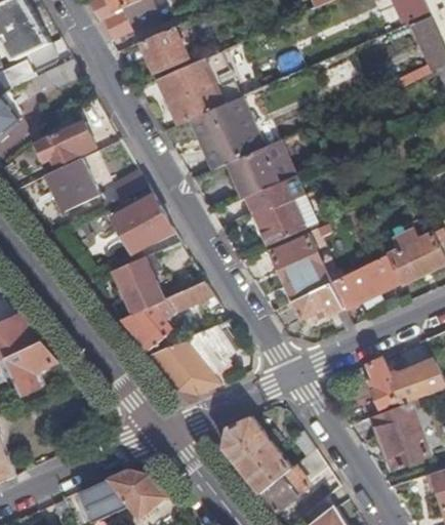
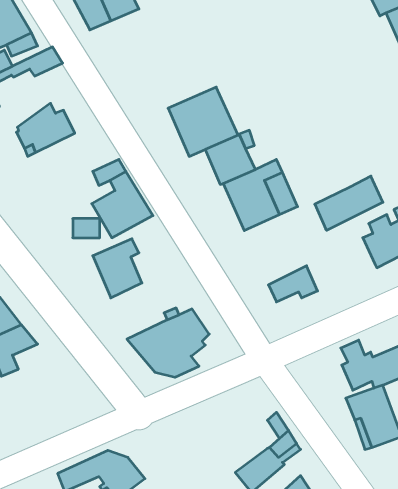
building: [139,27,186,69] -> none
building: [156,51,238,124] -> none
building: [44,158,95,211] -> none
building: [270,235,322,285] -> none
building: [330,252,400,308] -> [315,176,383,230]
building: [118,281,217,351] -> none
building: [221,416,290,492] -> none

